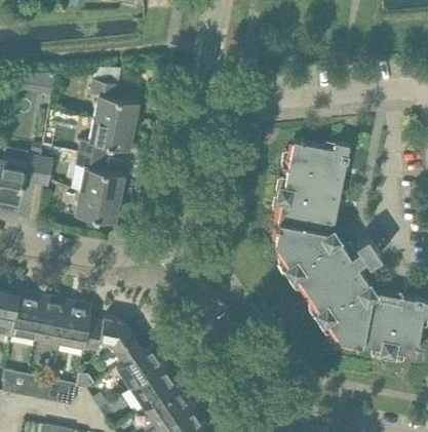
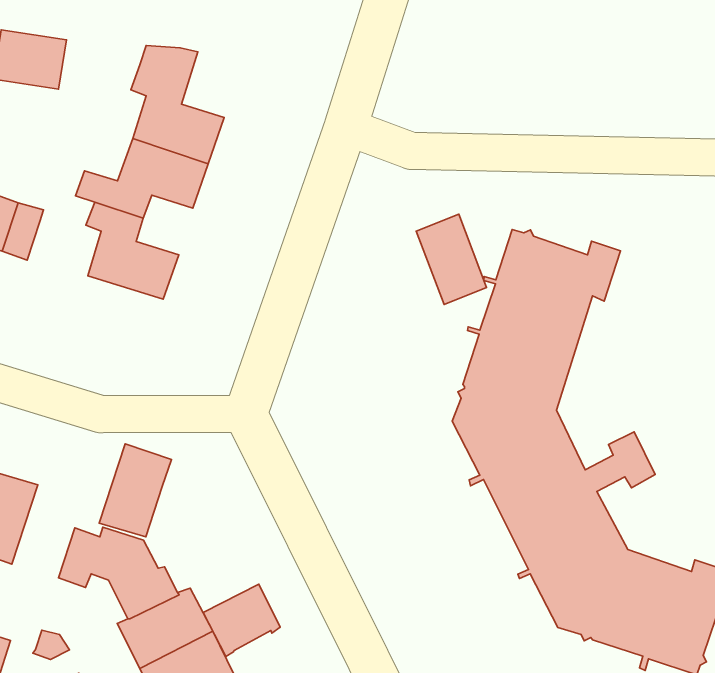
building: none -> [416,214,487,305]
building: [75,192,120,224] -> none
building: [60,302,92,348] -> [99,444,171,537]
building: none -> [203,584,280,656]

